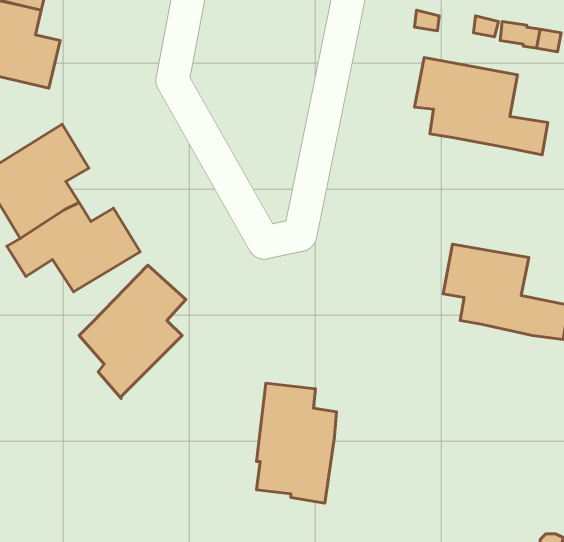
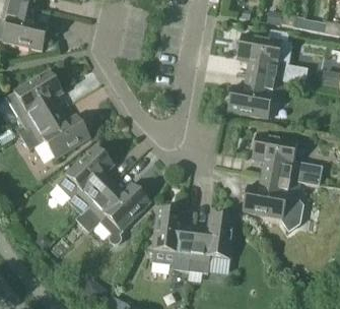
building: none -> [227,75,284,118]
building: none -> [242,173,302,230]
building: none -> [76,181,150,243]
building: none -> [189,213,235,272]

